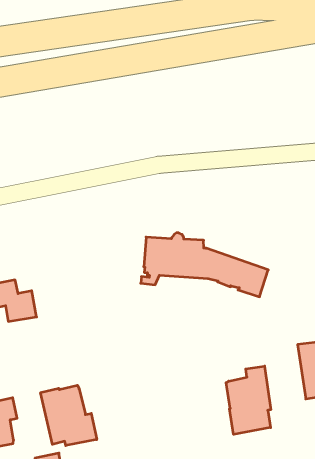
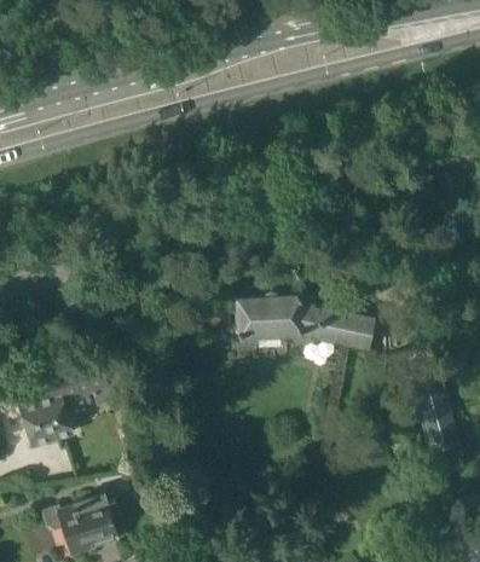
building: [226,366,271,434] -> none
building: [41,385,97,446] -> none

